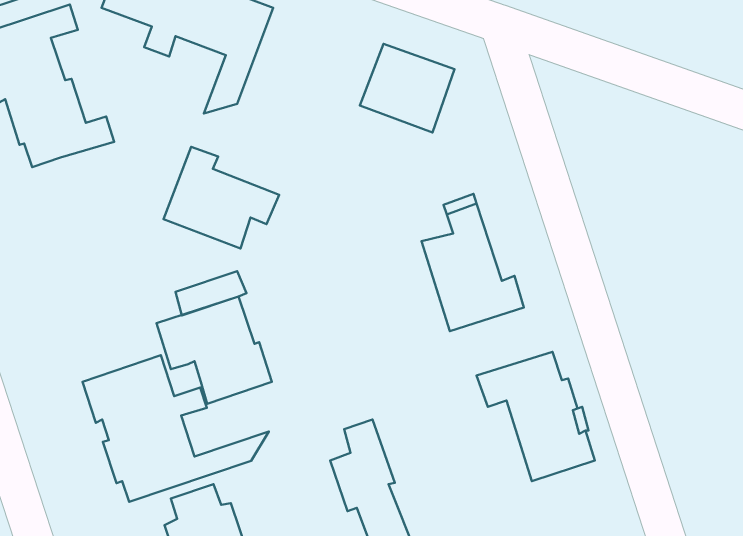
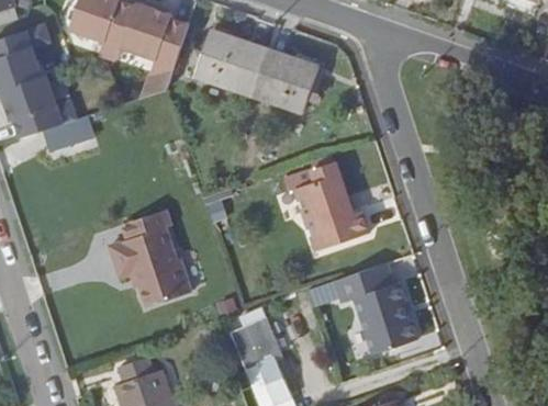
building: none -> [197,31,268,93]
building: none -> [43,117,88,151]
building: [163,147,279,249] -> none
building: [83,355,269,502] -> none

